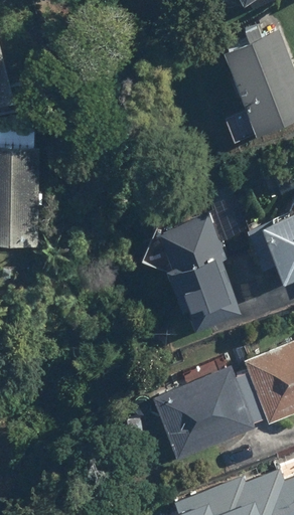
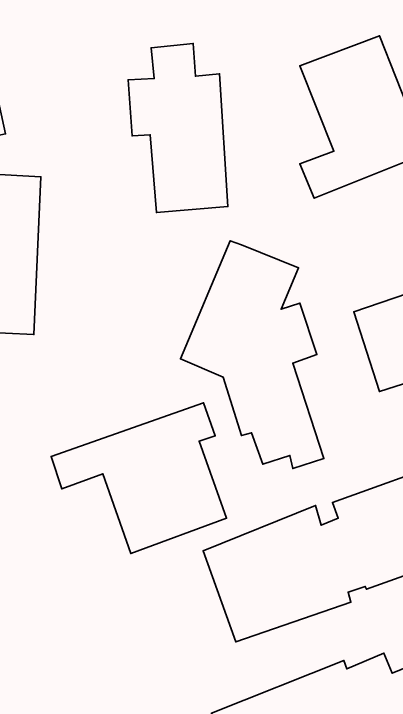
building: none -> [128,43,228,212]
building: none -> [51,403,226,554]

